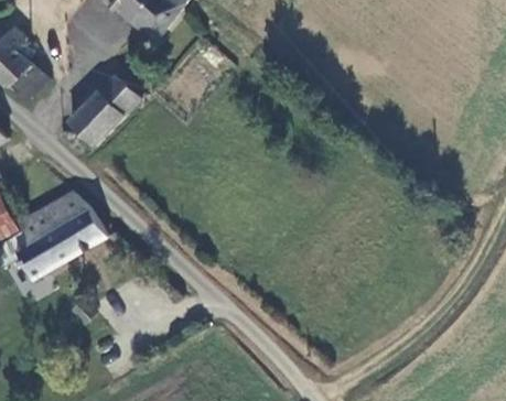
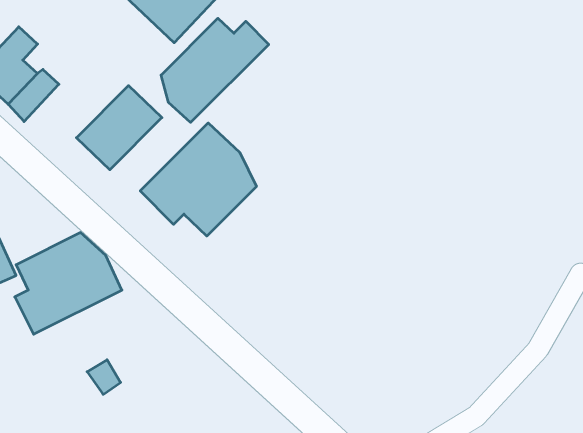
building: none -> [161,18,269,122]
building: none -> [140,123,256,236]

